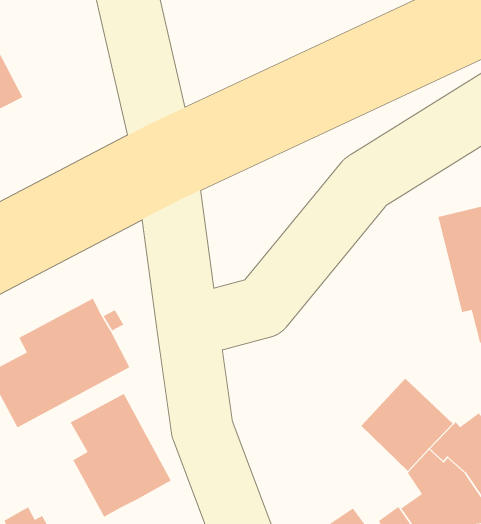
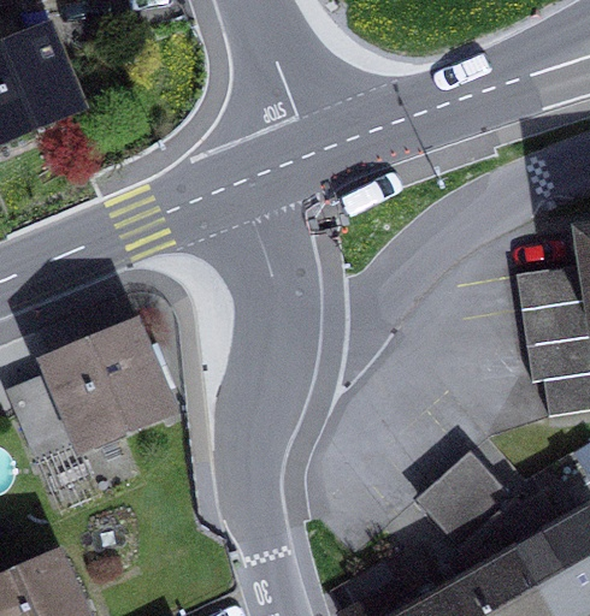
building: [69,393,172,518] -> none

